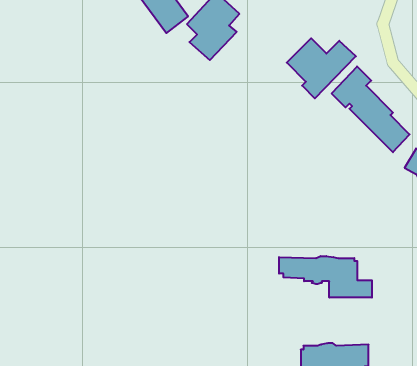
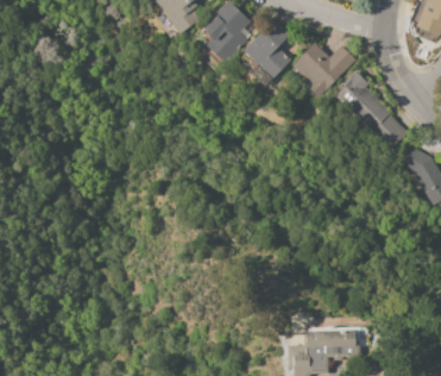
building: none -> [241,19,291,87]
building: [279,256,372,298] -> none

